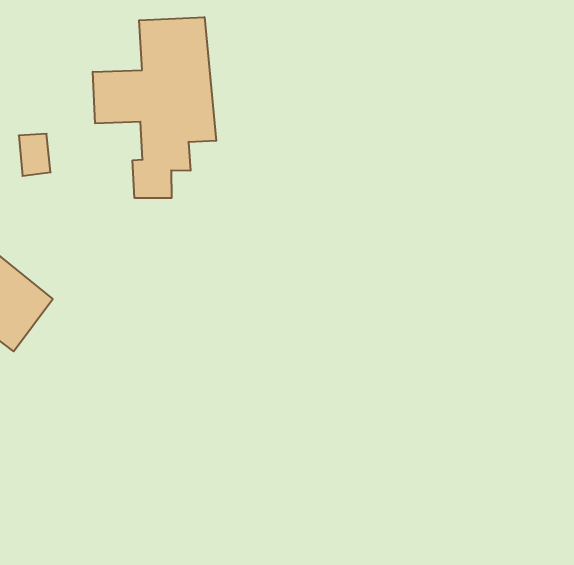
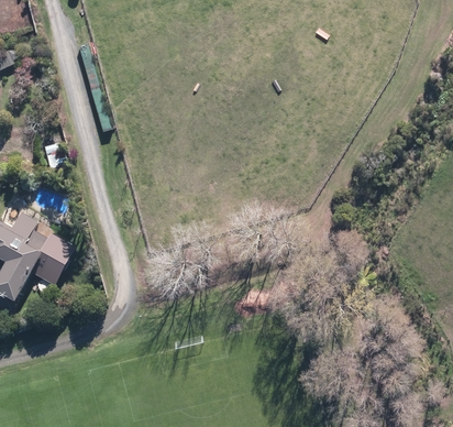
building: [93,17,216,198] -> none

